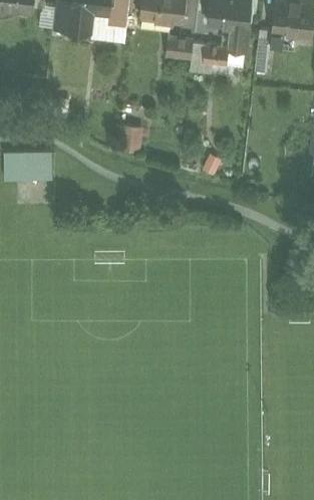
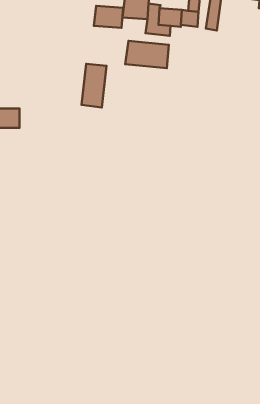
building: none -> [94,6,123,28]
building: none -> [125,41,169,68]

